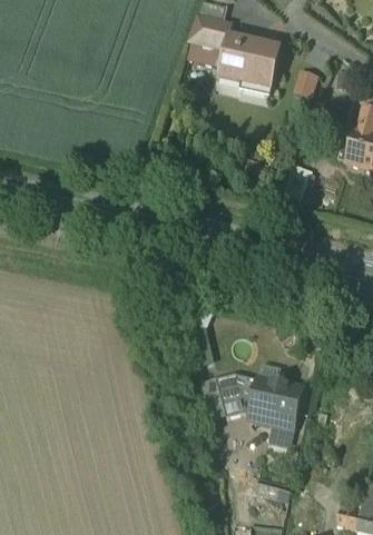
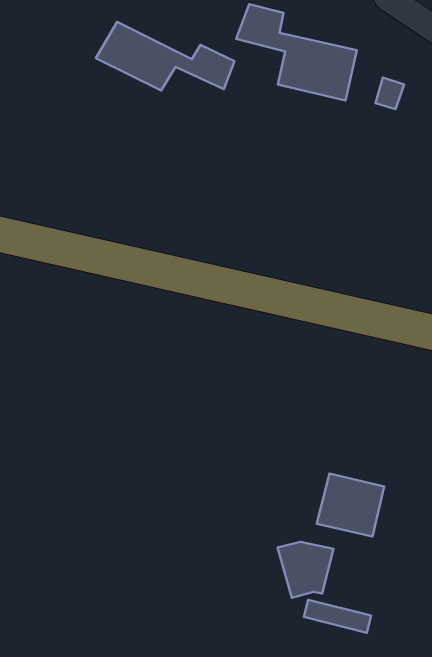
building: none -> [96,22,234,90]
building: [215,374,258,417] -> [278,542,334,598]

